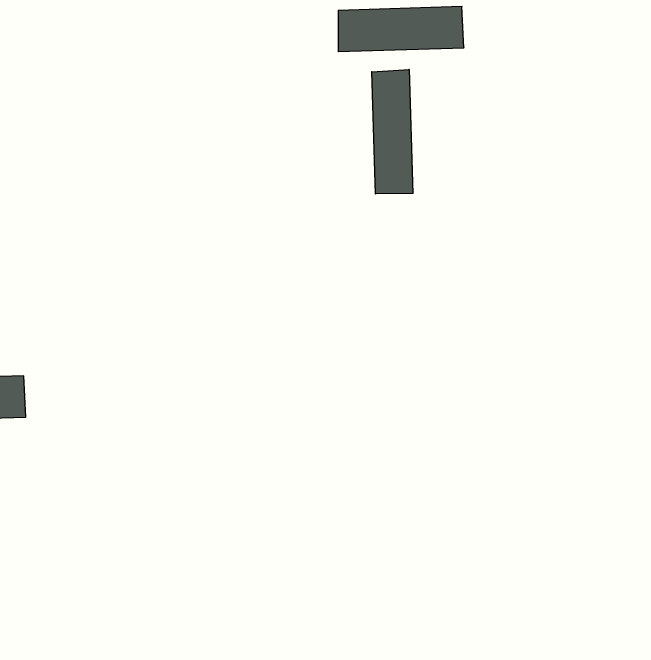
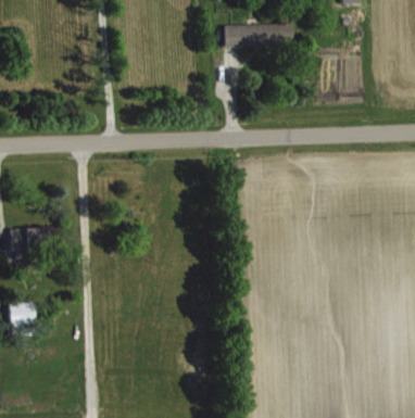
building: [372,69,413,194] -> none

